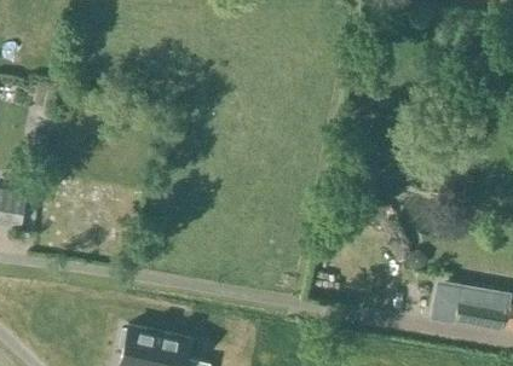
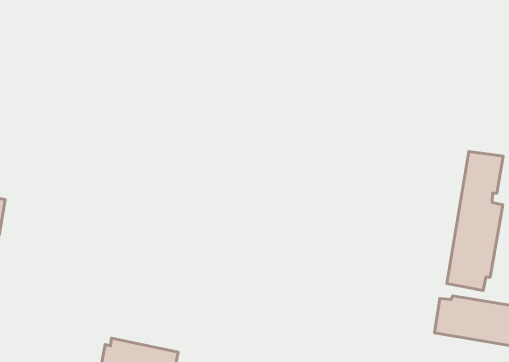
building: none -> [447,152,503,290]

